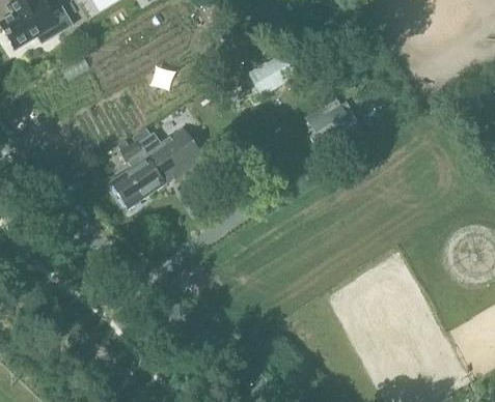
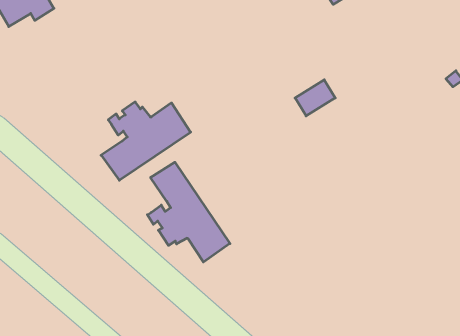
building: [253,53,300,88] -> none
building: none -> [147,162,230,262]

